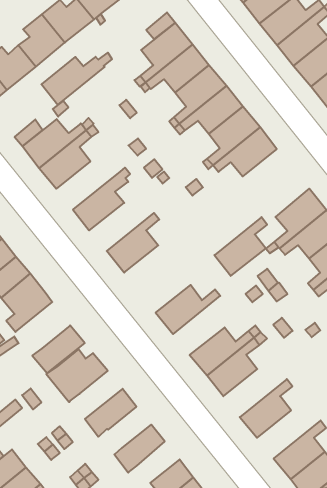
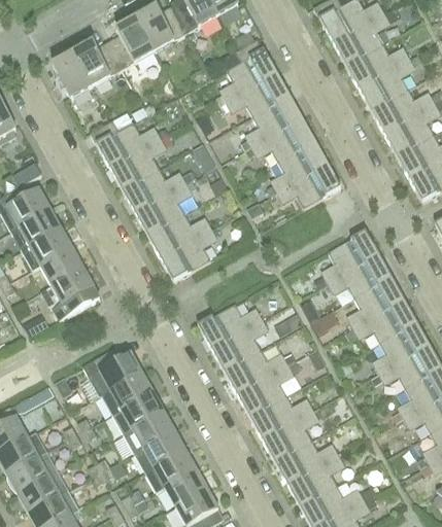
building: [41,53,112,105] -> [123,170,195,213]
building: none -> [147,215,212,258]
building: [214,217,267,276] -> [211,320,267,372]
building: [32,325,85,373] -> [101,374,154,416]
building: none -> [249,396,313,440]
building: none -> [133,413,175,450]
building: none -> [275,442,339,485]
building: none -> [155,451,197,488]

